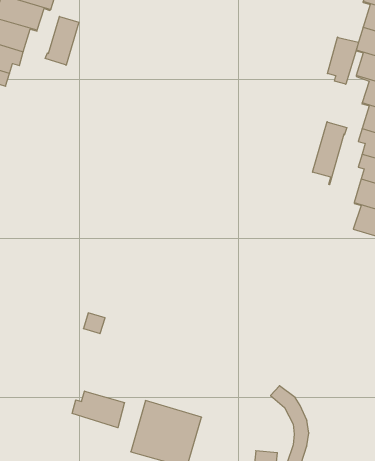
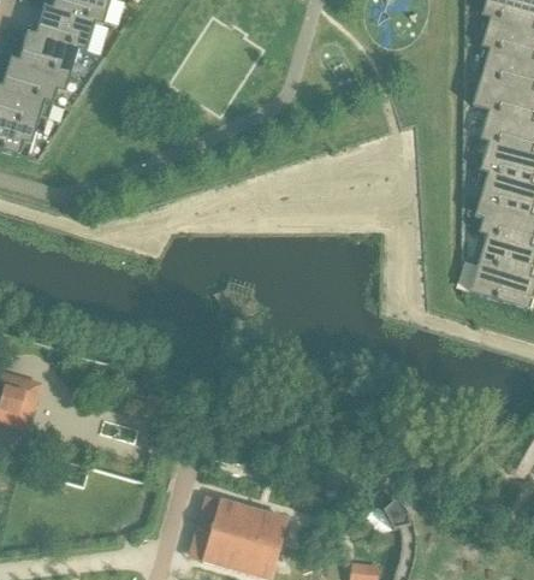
building: [45,16,79,65] -> none
building: [327,37,358,84] -> none
building: [313,122,347,185] -> none
building: [72,391,125,428] -> none

